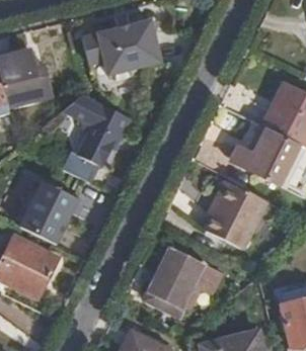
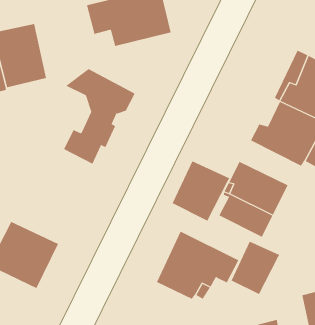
building: [18,180,73,241] -> none
building: none -> [172,160,230,221]
building: none -> [231,241,280,295]

